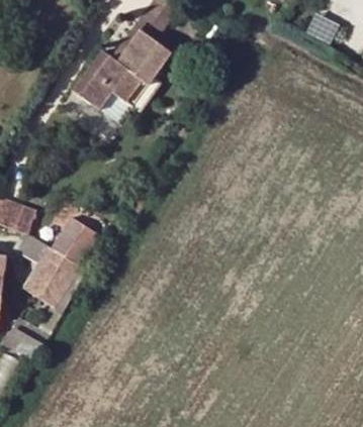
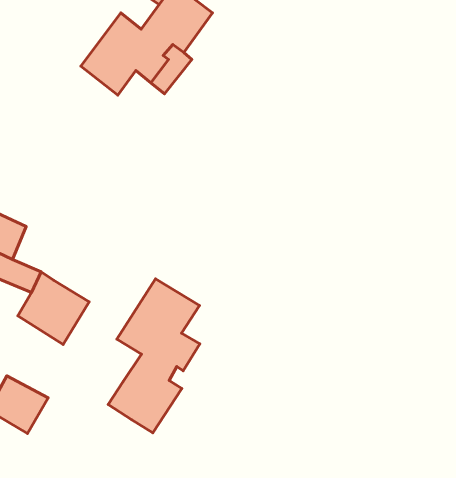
building: [53,217,97,262] -> none
building: none -> [108,279,200,433]

